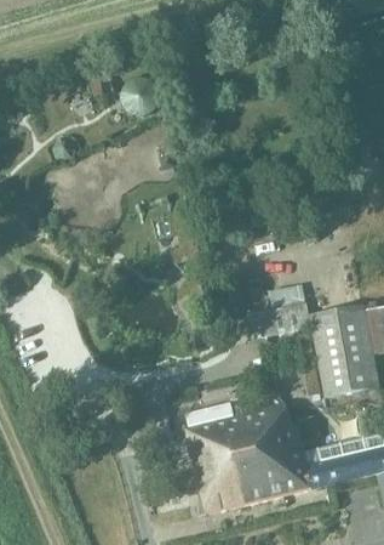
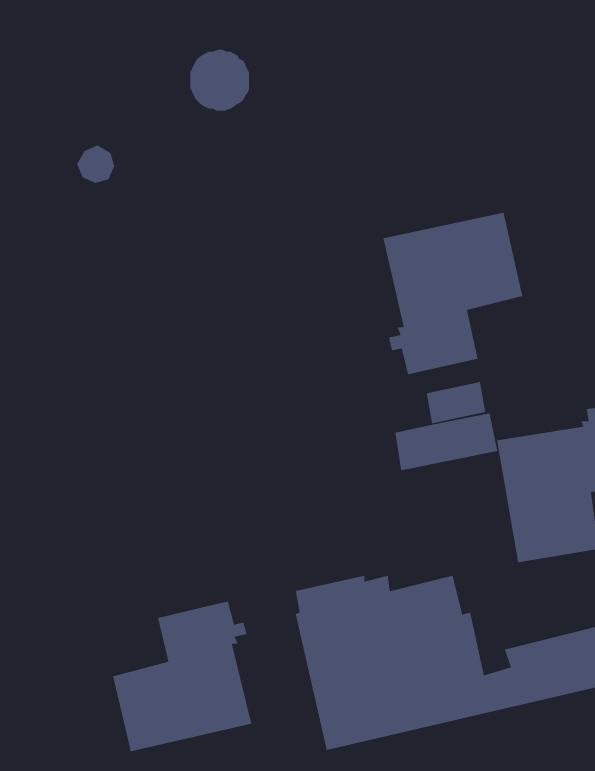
building: none -> [382,212,523,375]
building: none -> [112,600,252,752]

